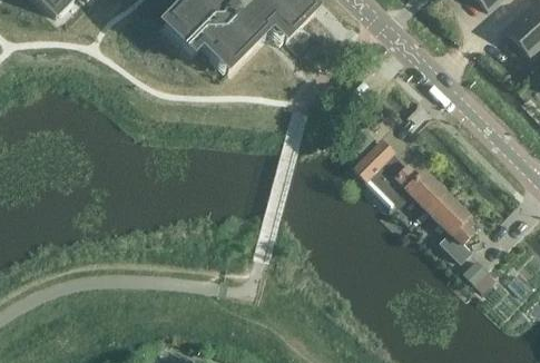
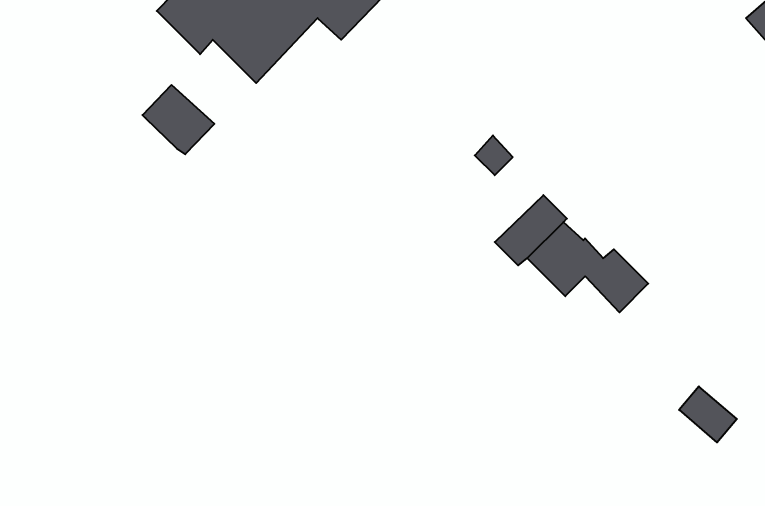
building: none -> [142,85,214,154]
building: [431,195,477,253] -> none

